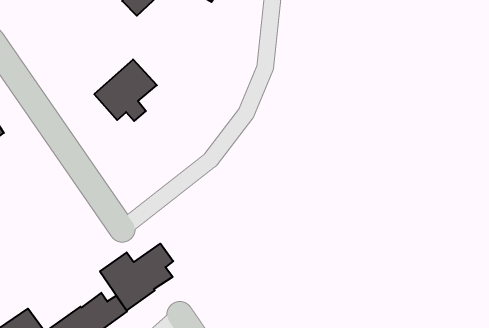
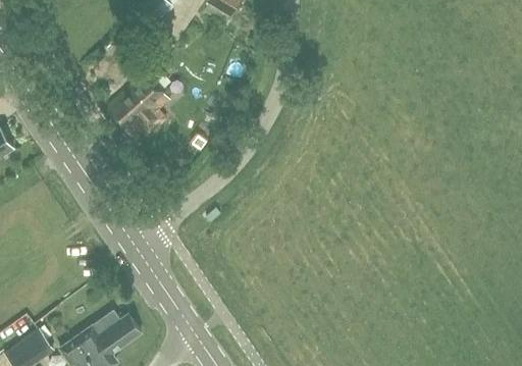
building: [100,244,173,310] -> none

